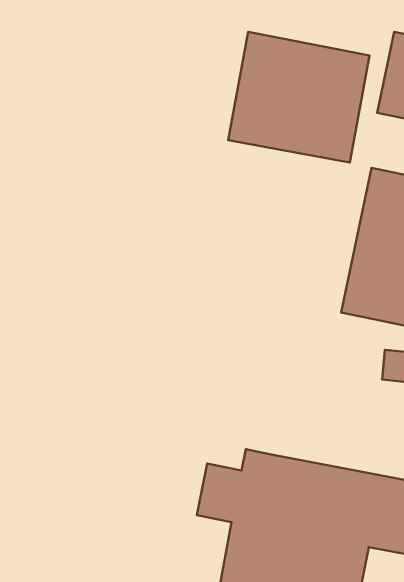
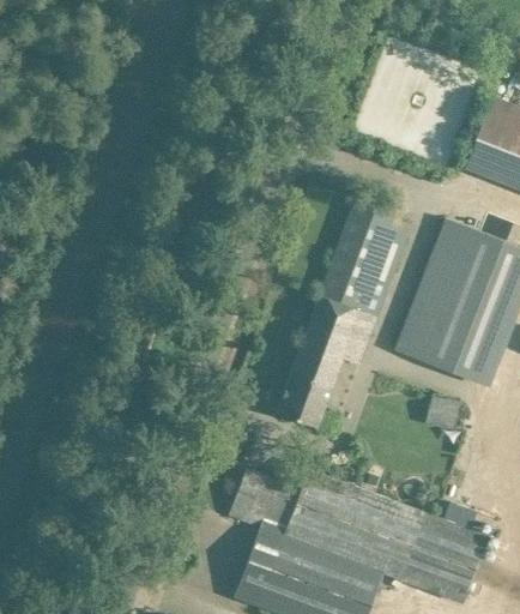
building: [228,32,369,163] -> none
building: none -> [274,197,406,429]

